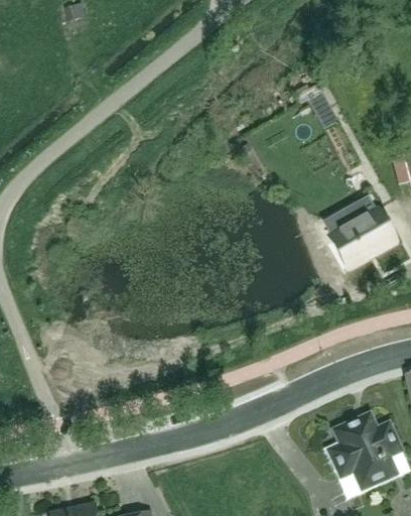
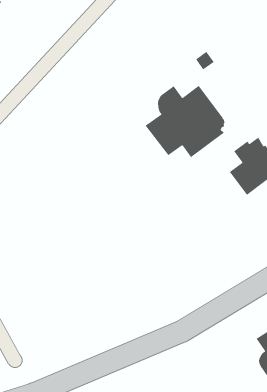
building: none -> [145,85,225,158]

